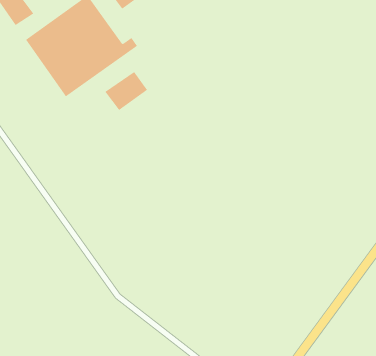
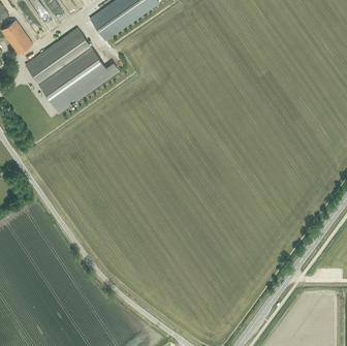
building: [105,71,148,111] -> none

